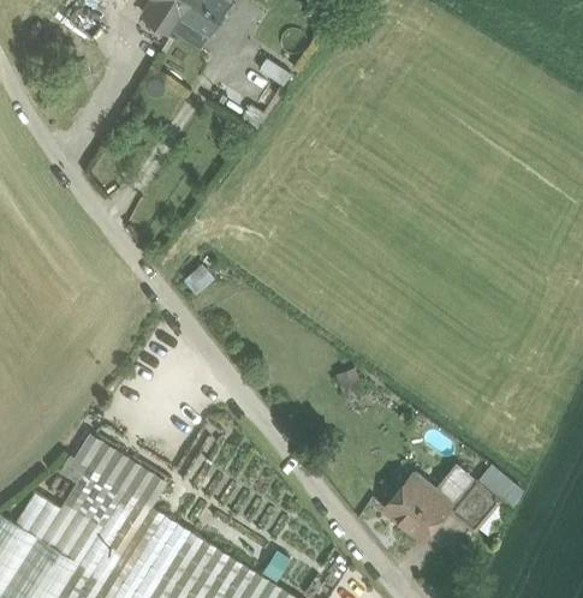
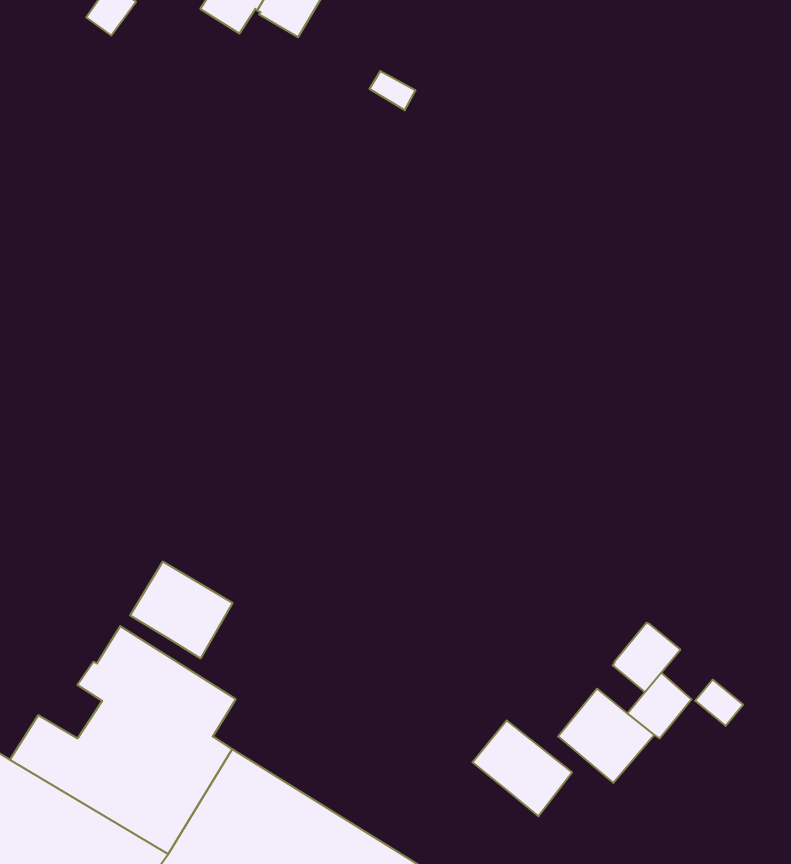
building: none -> [130,562,232,658]
building: [452,483,498,530] -> [613,623,680,692]
building: none -> [472,720,572,816]

